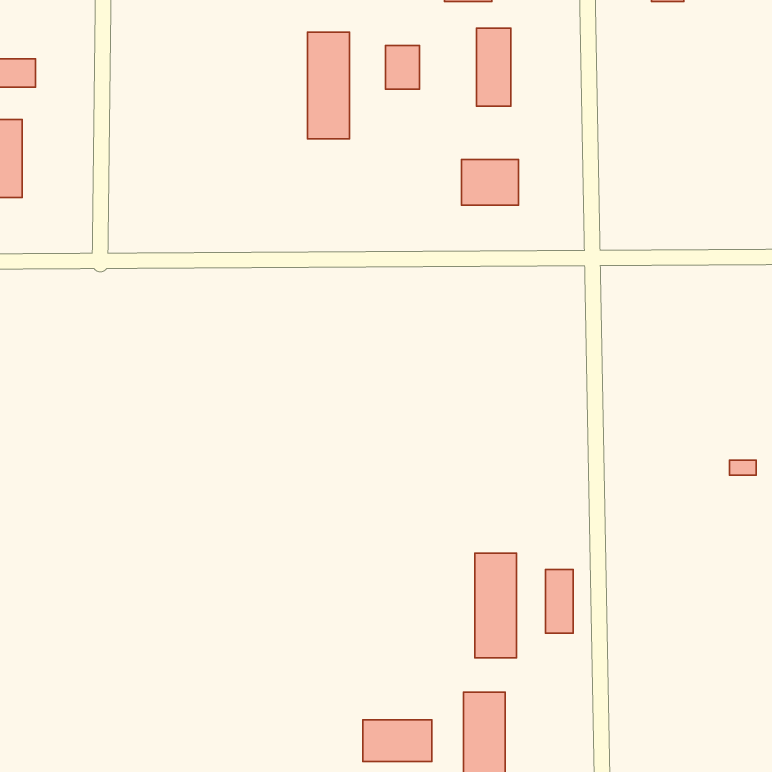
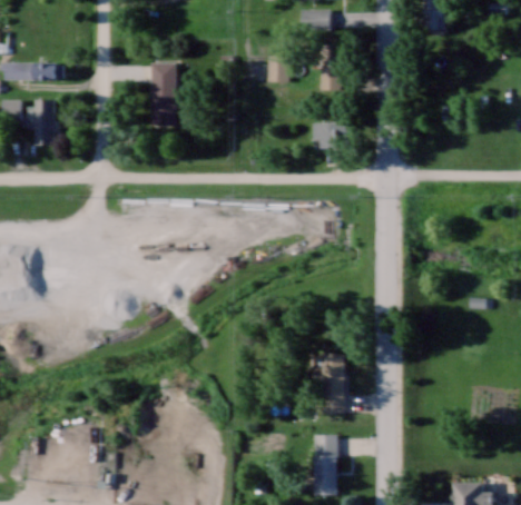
building: [308,32,349,139] -> [151,62,176,125]
building: [546,570,573,633] -> none
building: [363,720,432,761] -> none

